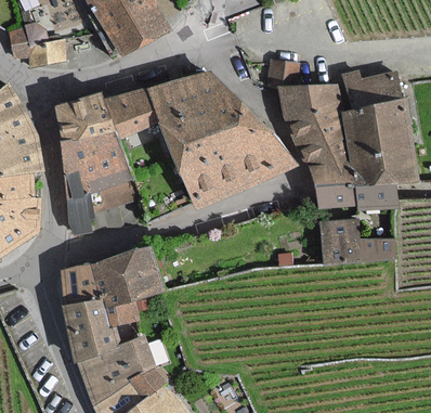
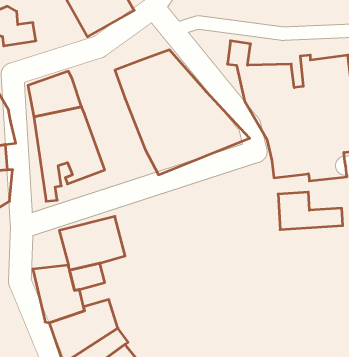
building: [103,92,159,139] -> none
building: [61,263,99,305] -> none

